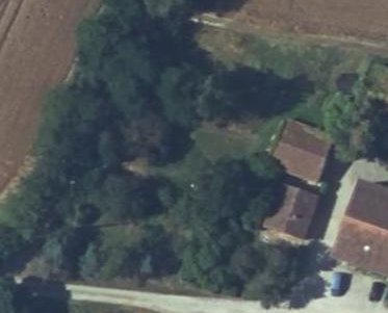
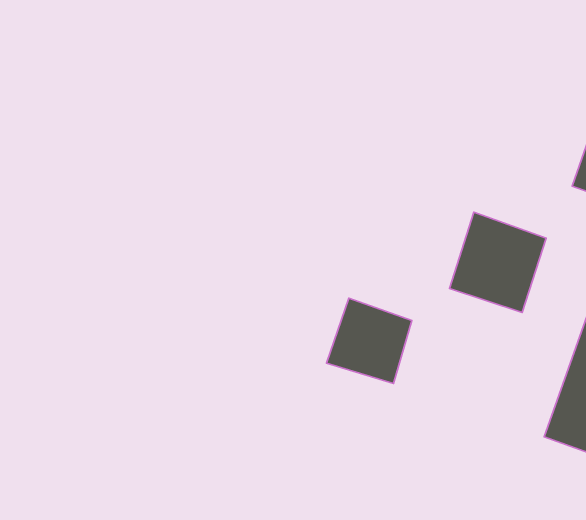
building: [261,182,309,230] -> [326,298,412,384]

